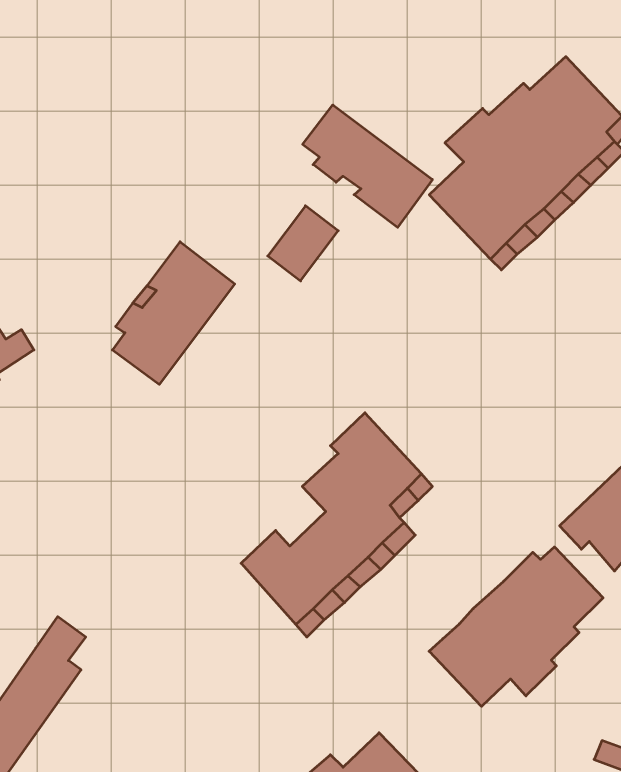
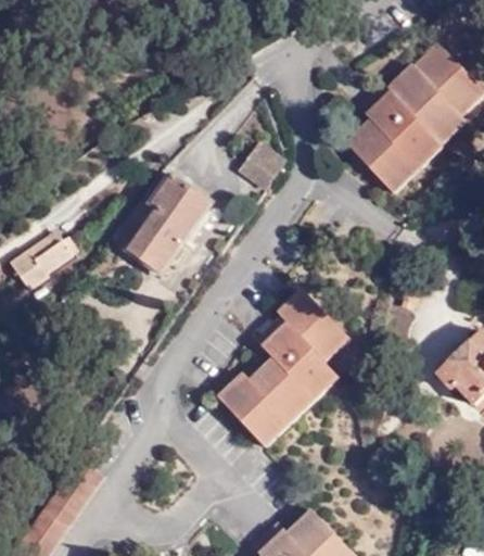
building: [303,105,432,227] -> none
building: [429,547,603,706] -> none

